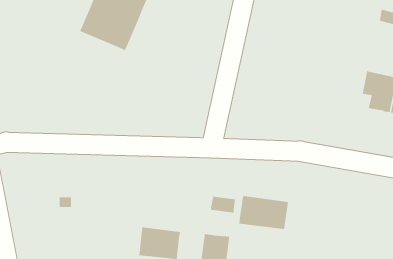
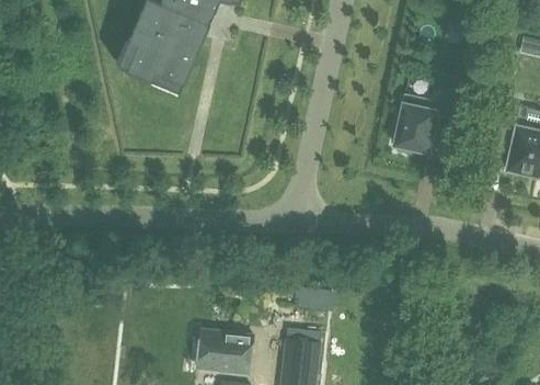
building: none -> [393,91,453,152]
building: [238,195,289,230] -> none

